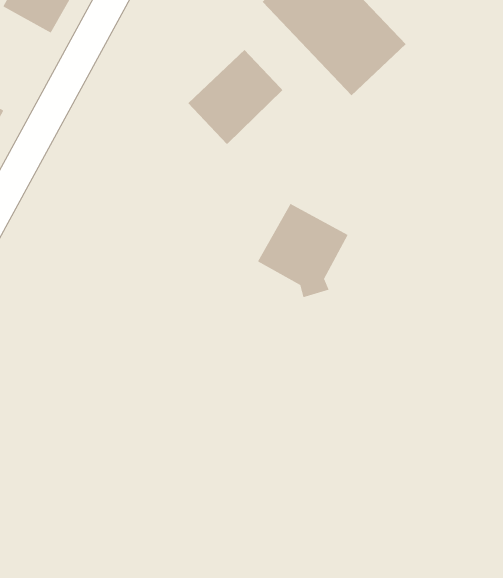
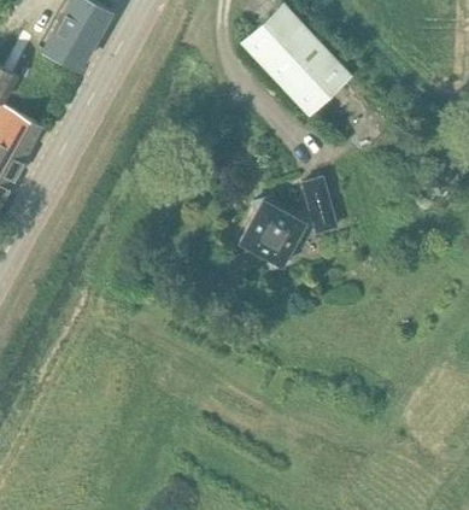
building: [188,49,283,145] -> none
building: none -> [301,177,338,236]

